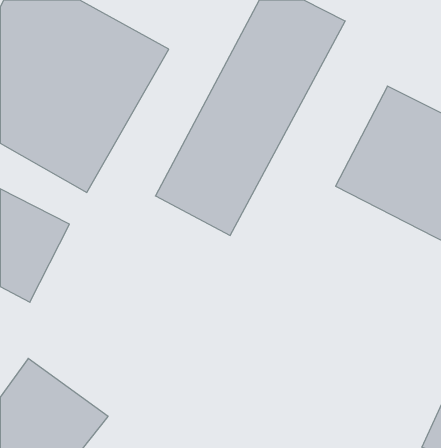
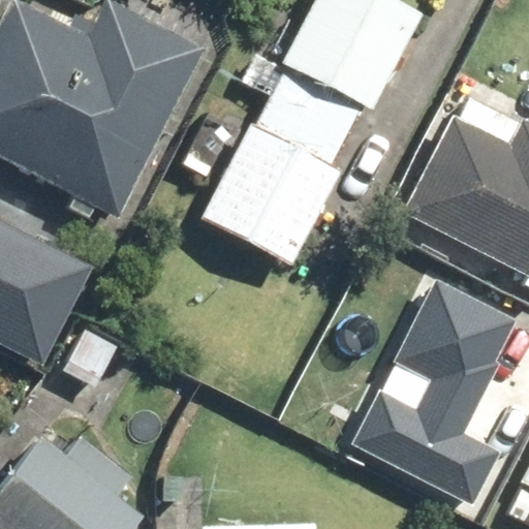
building: none -> [352,276,517,500]

